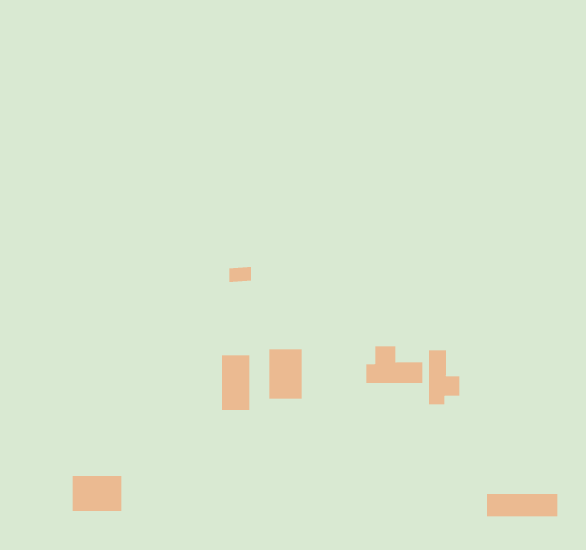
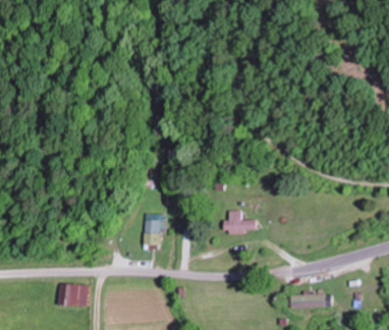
building: [269,349,302,399] -> none
building: [429,349,460,405] -> none

